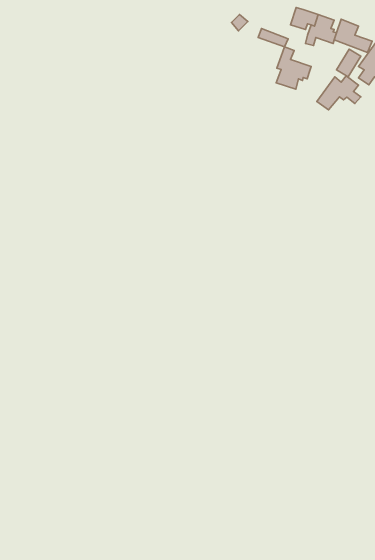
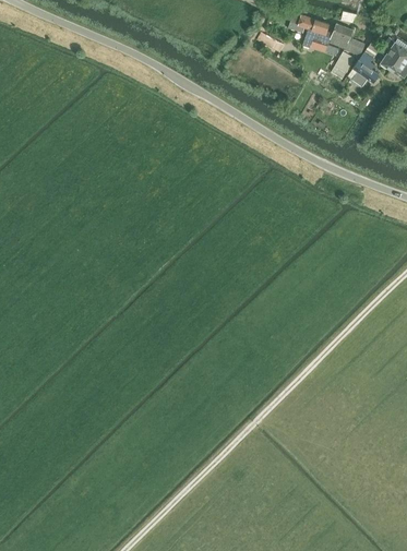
building: [276,47,311,89] -> none
building: [317,76,361,110] -> none

